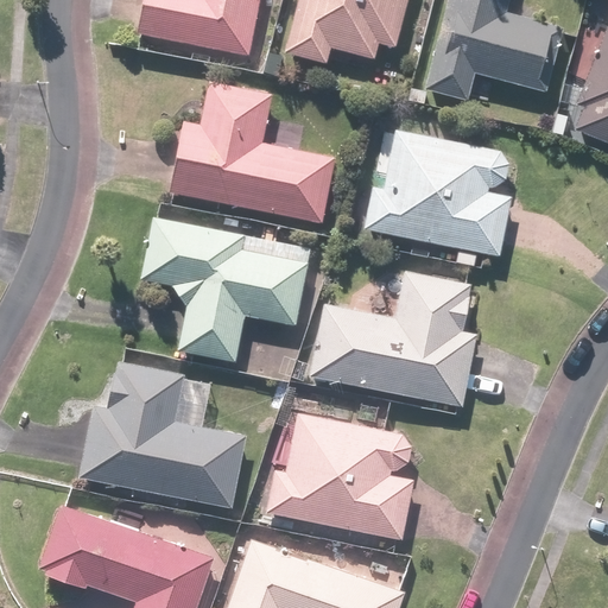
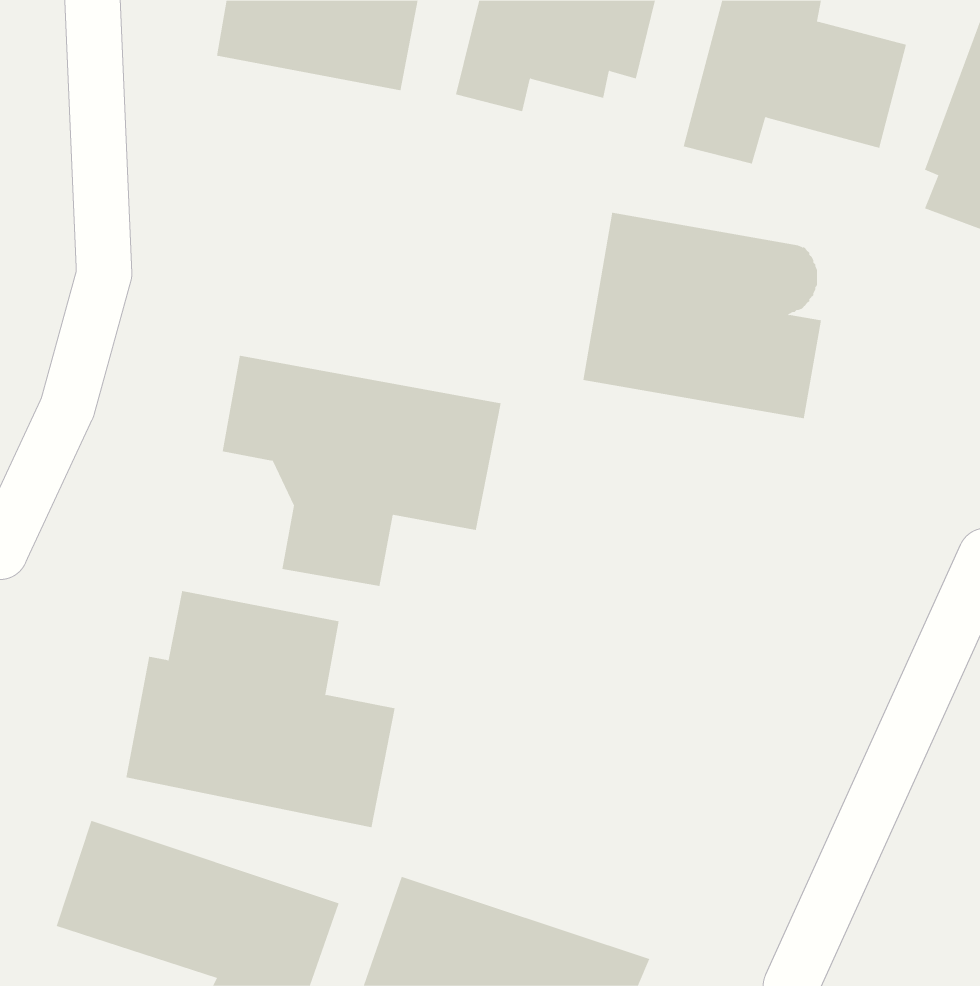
building: [169,84,335,223] -> none
building: [311,273,477,407] -> none
building: [266,412,414,540] -> none

